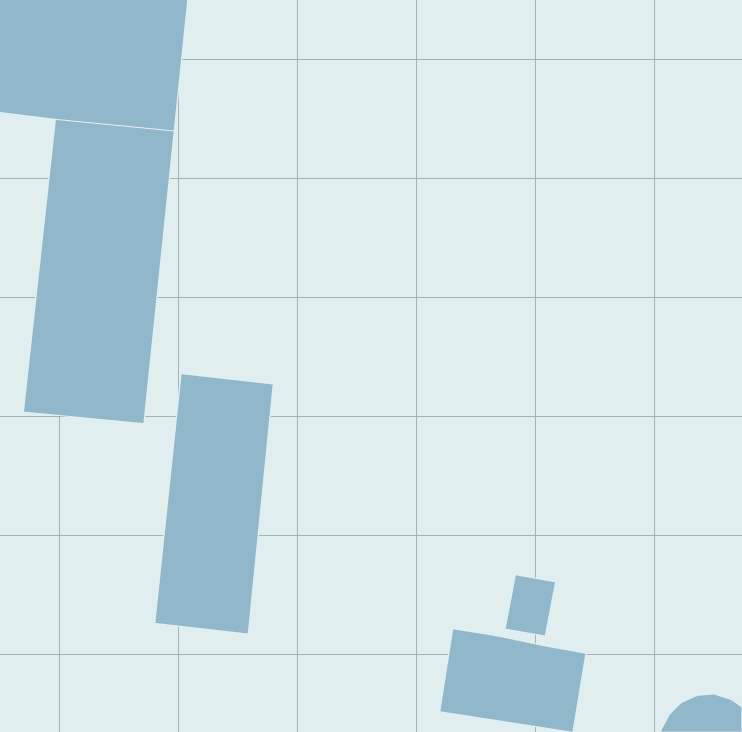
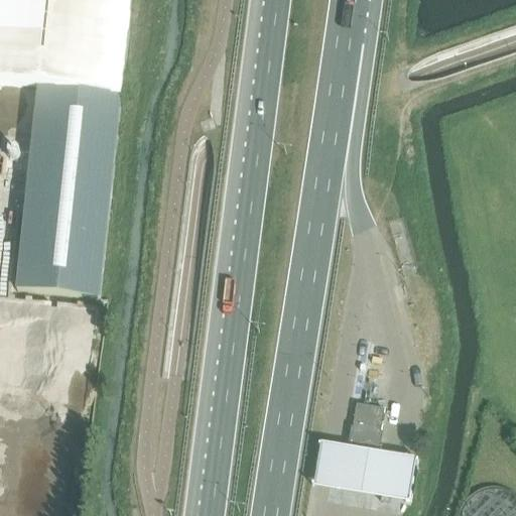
building: [155,374,273,634] -> none

